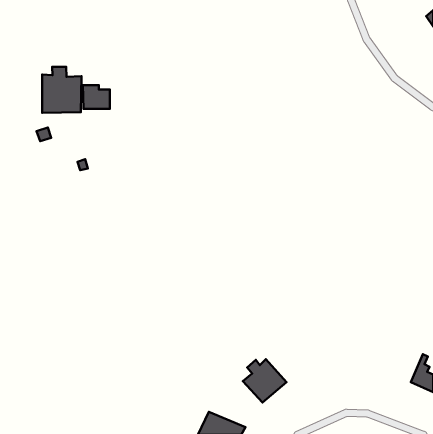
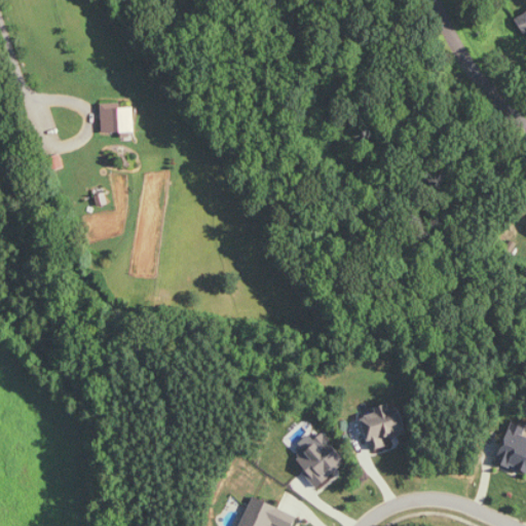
building: [42,67,81,113] -> none
building: none -> [360,405,405,451]

